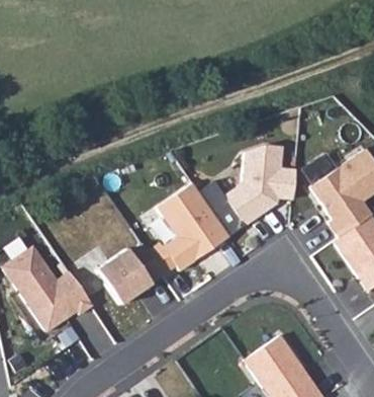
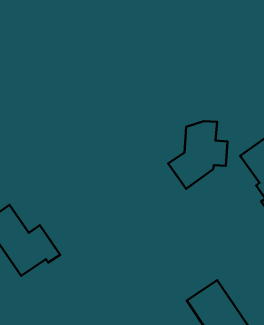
building: [157,181,230,269] -> none
building: [97,244,163,303] -> none

